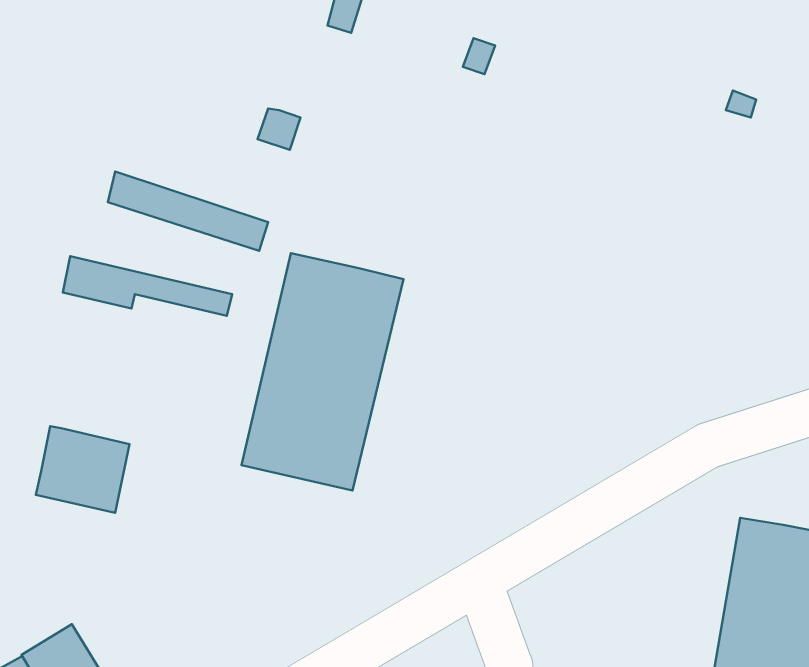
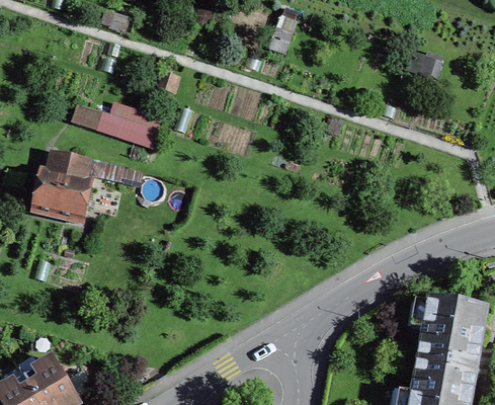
building: [241,253,404,490] -> none
building: [36,426,129,513] -> [32,170,85,219]

